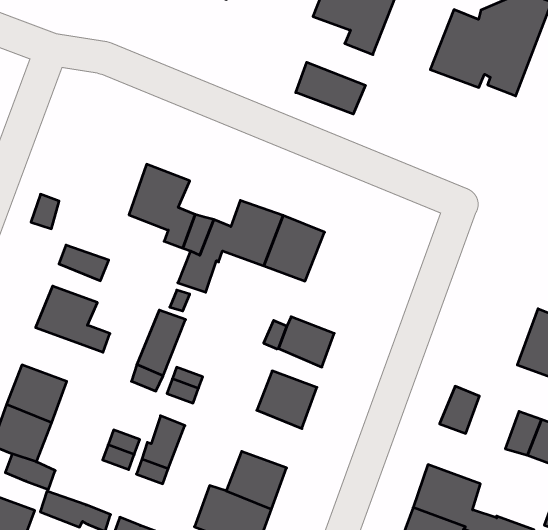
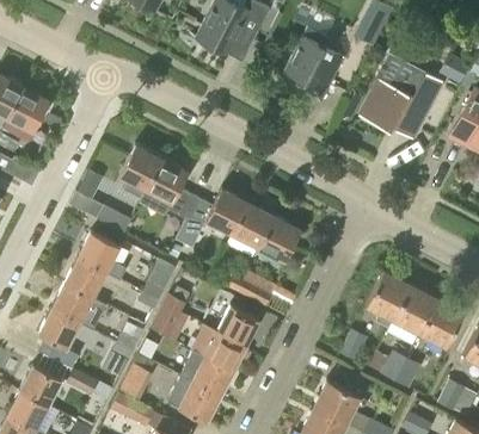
building: [296,62,365,114] -> none
building: none -> [119,145,162,198]
building: none -> [259,217,302,262]
building: none -> [367,269,412,329]
building: none -> [65,259,105,297]
building: none -> [190,323,246,371]

